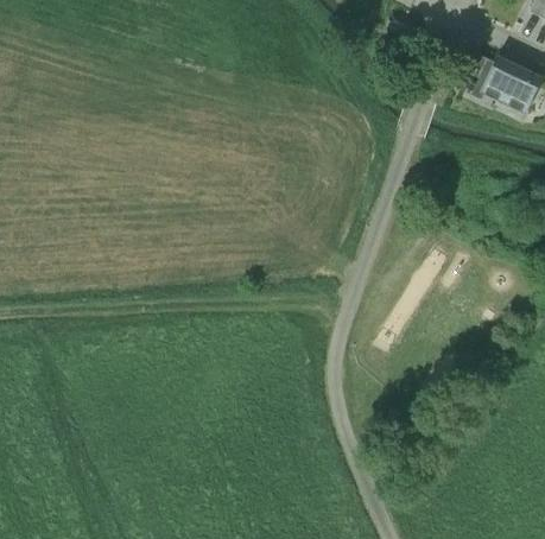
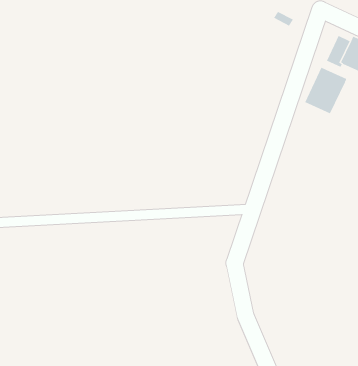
building: none -> [305,67,347,114]

